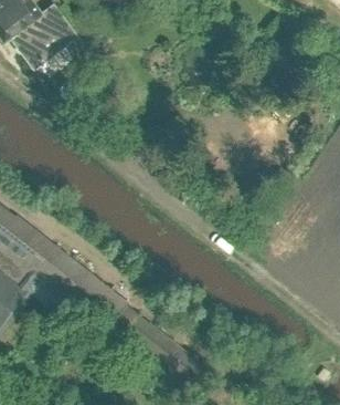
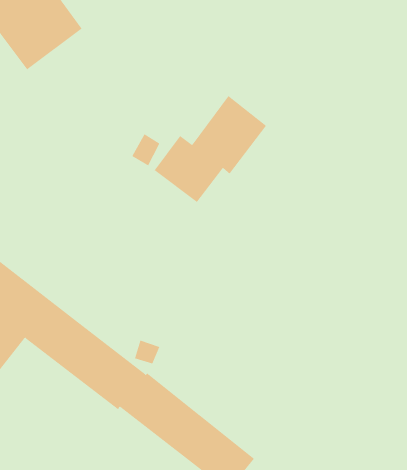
building: none -> [154,95,267,203]

